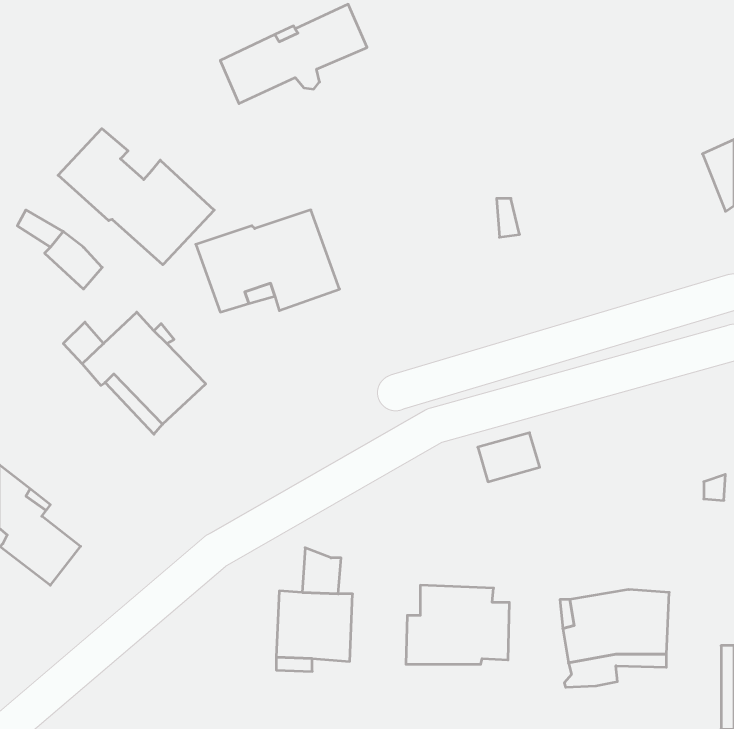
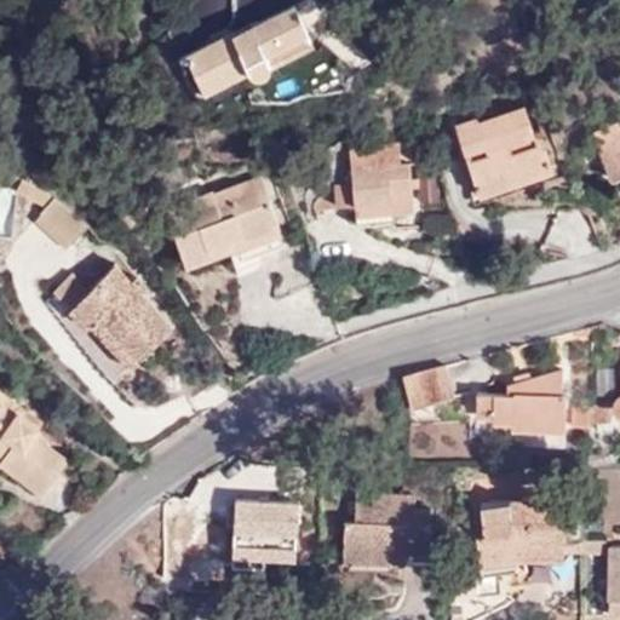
building: none -> [453,111,552,197]
building: [58,129,214,265] -> none
building: none -> [334,148,414,228]
building: none -> [476,372,564,430]

